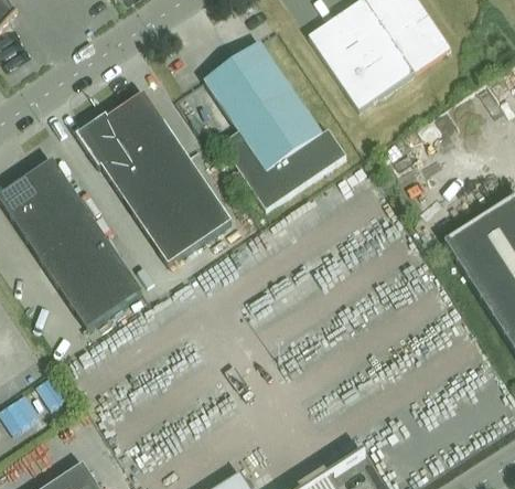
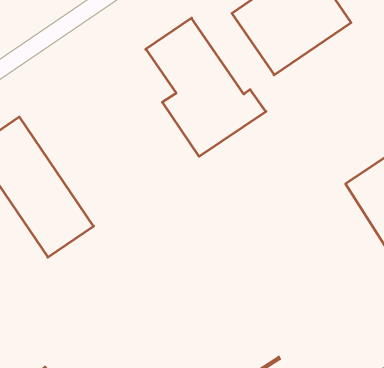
building: [76,91,232,263] -> none

